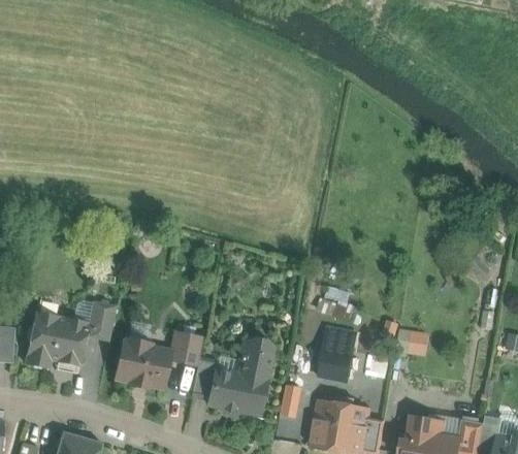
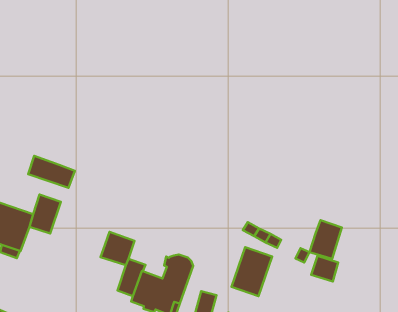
building: none -> [28,156,75,188]
building: none -> [309,220,342,259]
building: [116,339,170,387] -> none

